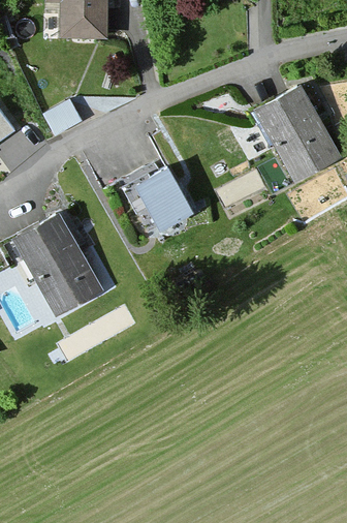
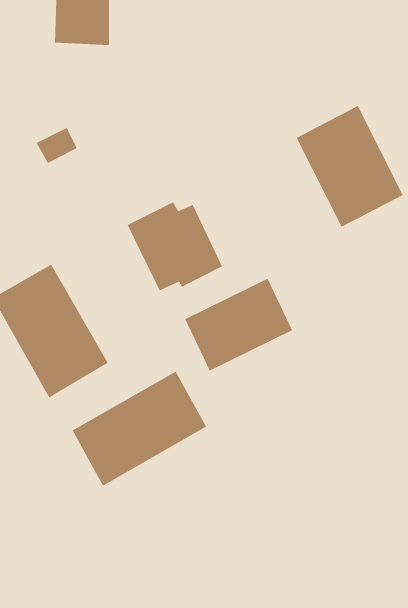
building: none -> [185,278,293,371]
building: none -> [72,371,207,486]

